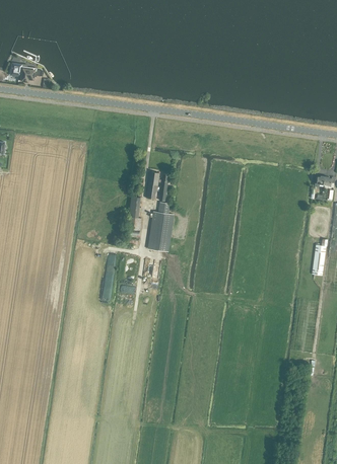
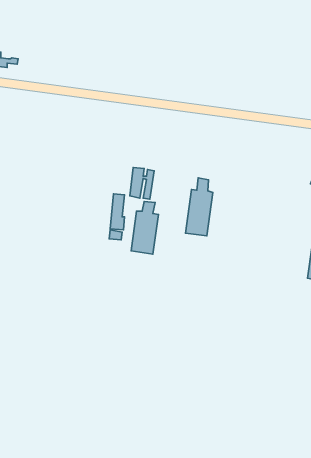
building: none -> [186,178,213,236]

